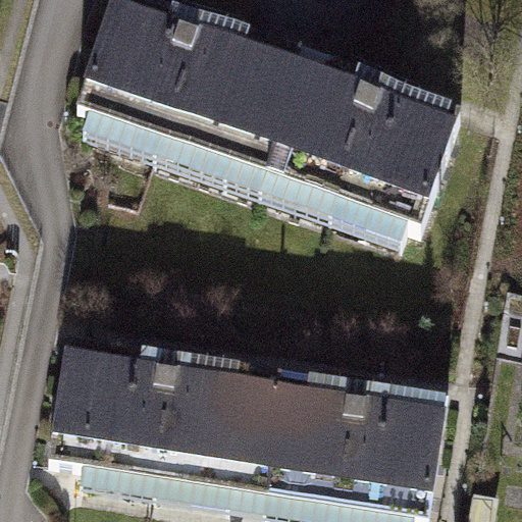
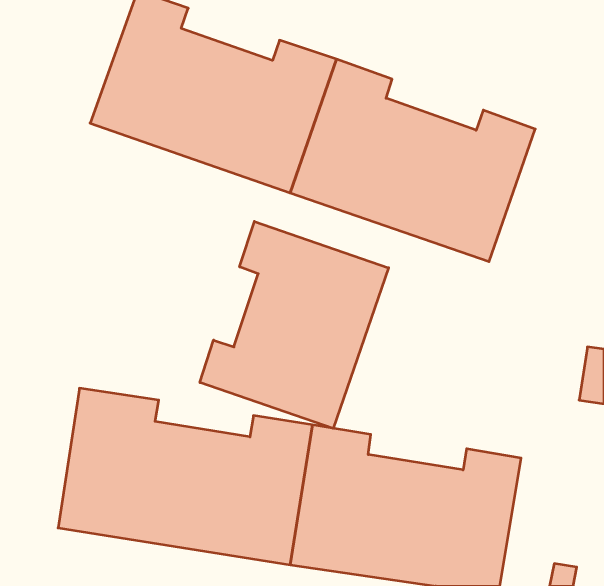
building: none -> [200,221,389,428]

